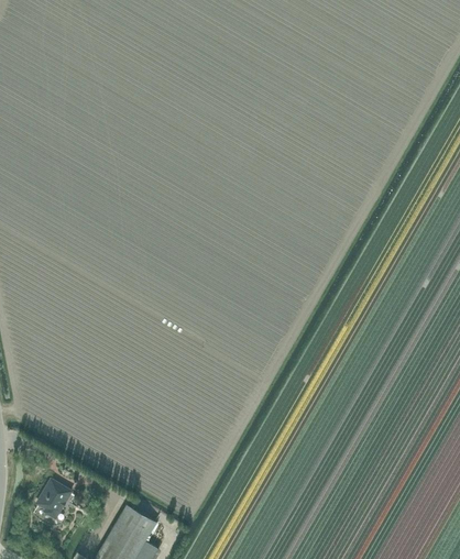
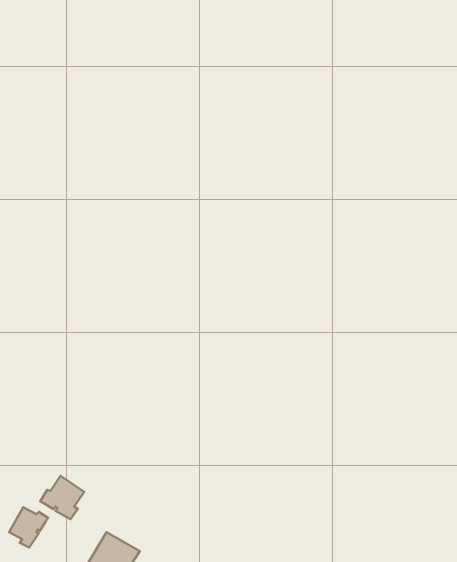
building: none -> [40,476,84,519]

